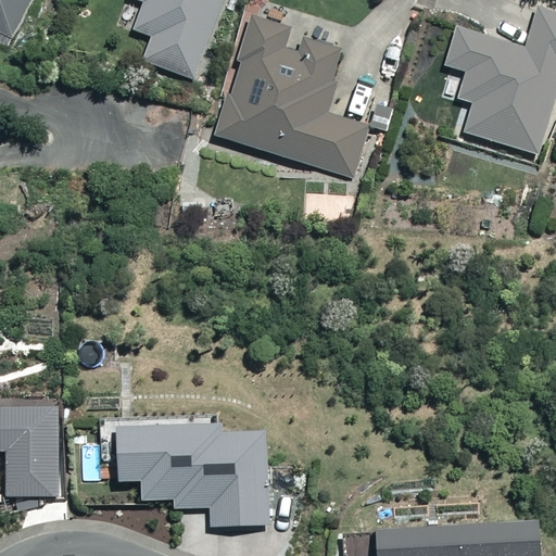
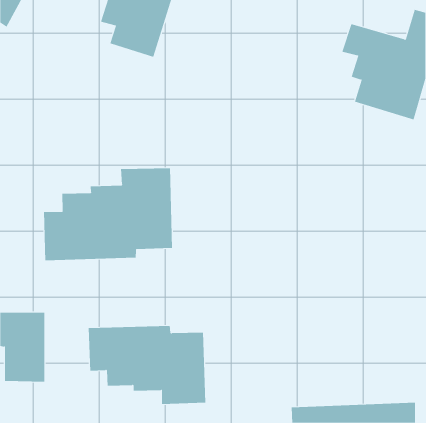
building: [215,7,367,172] -> none
building: none -> [44,167,173,261]

